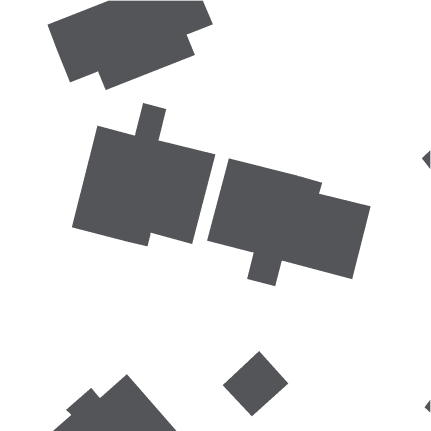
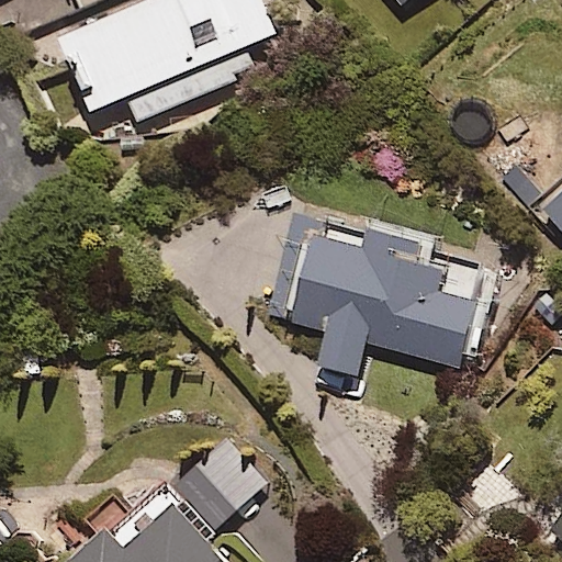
building: [71,102,216,247] -> none
building: [222,350,289,417] -> [178,441,265,528]

